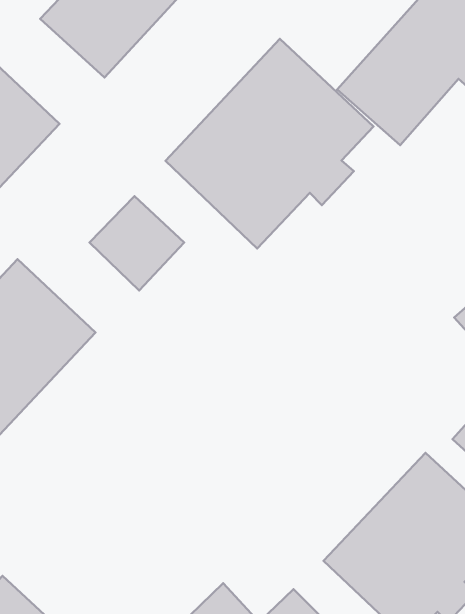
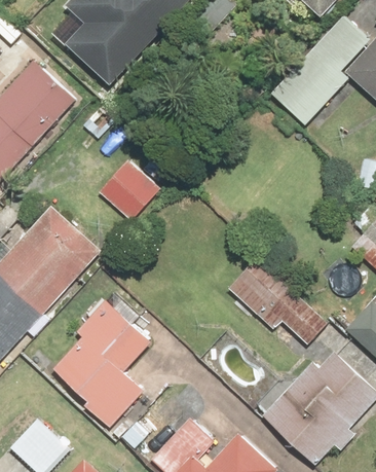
building: [165,39,373,248] -> none
building: none -> [228,260,326,339]
building: none -> [49,299,157,426]

